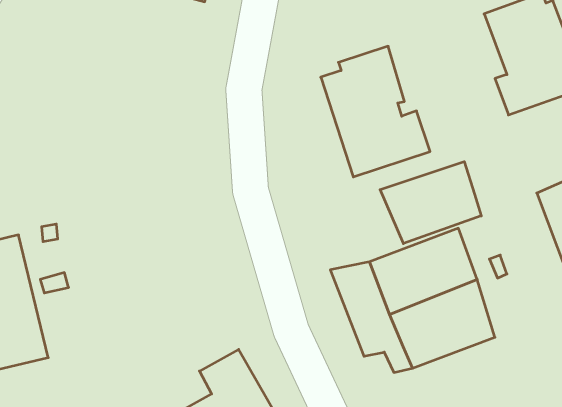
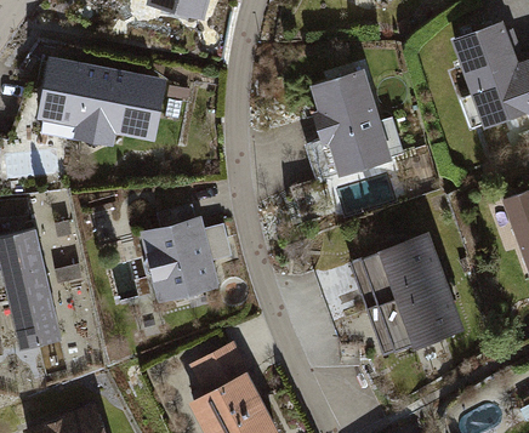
building: none -> [34,62,164,152]
building: [380,162,481,244] -> none
building: none -> [141,213,233,303]

